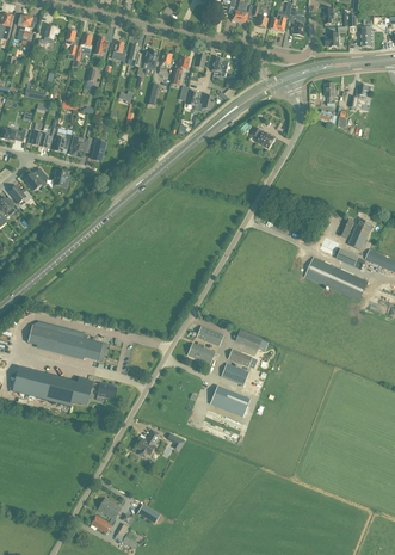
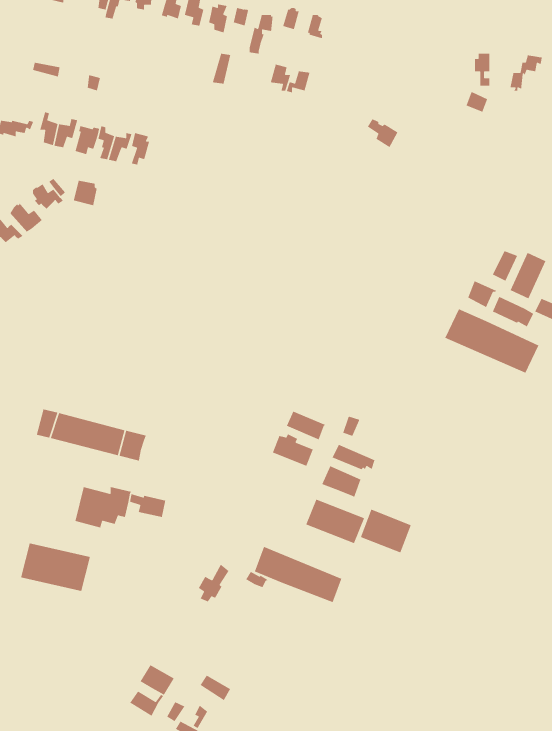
building: [11,368,58,401] -> [20,543,91,592]
building: none -> [360,509,412,554]
building: none -> [254,546,343,603]

